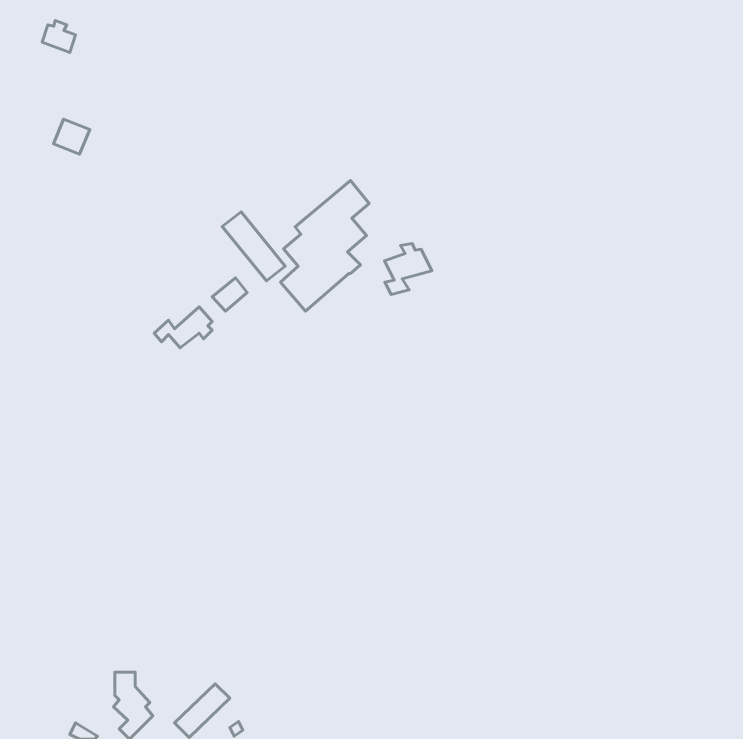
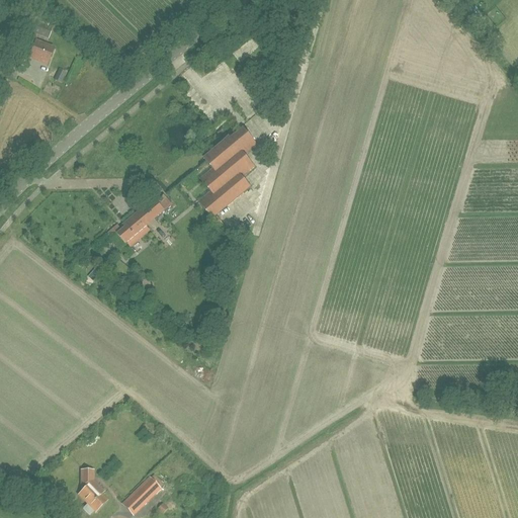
building: [53,119,90,154] -> [28,38,54,63]
building: [222,212,285,281] -> none
building: [385,243,432,294] -> none

